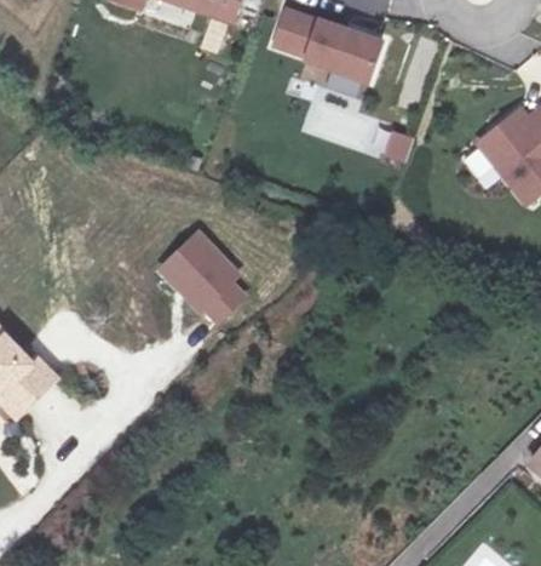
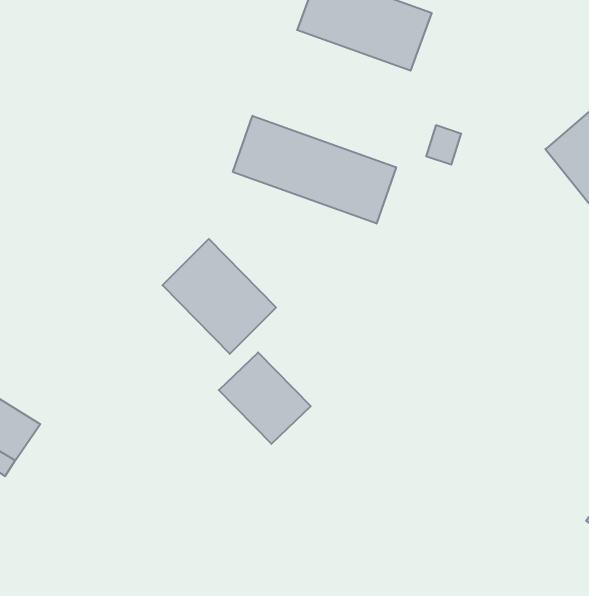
building: none -> [233,116,396,224]
building: none -> [219,352,311,444]

